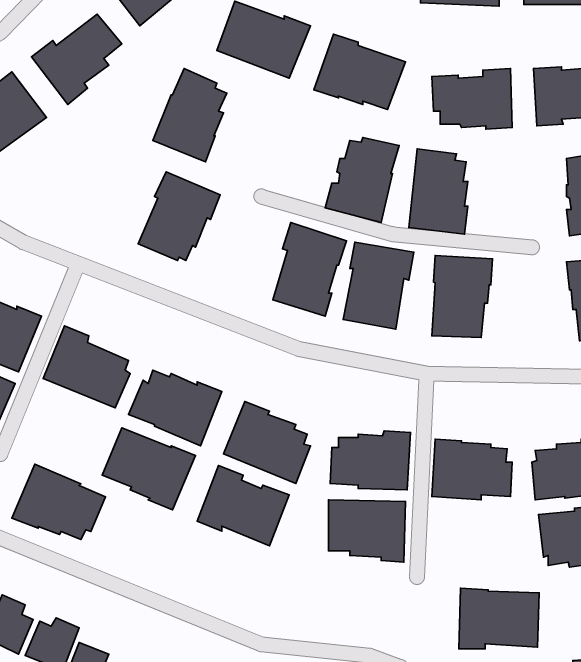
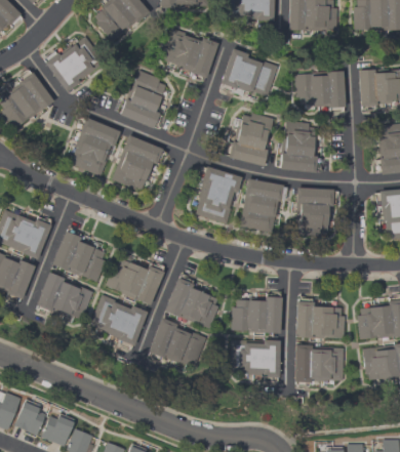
building: none -> [71,117,120,176]
building: [12,464,105,540] -> [35,272,93,319]
building: [459,588,539,649] -> [293,344,344,382]

